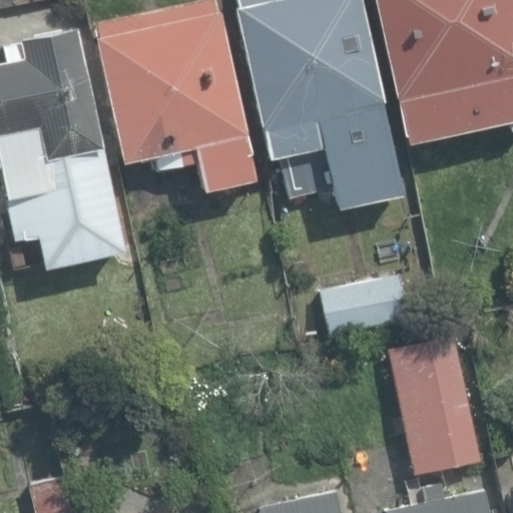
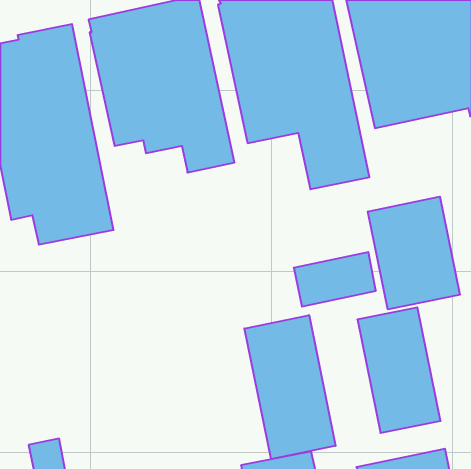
building: none -> [368,197,460,309]
building: none -> [244,315,336,459]

